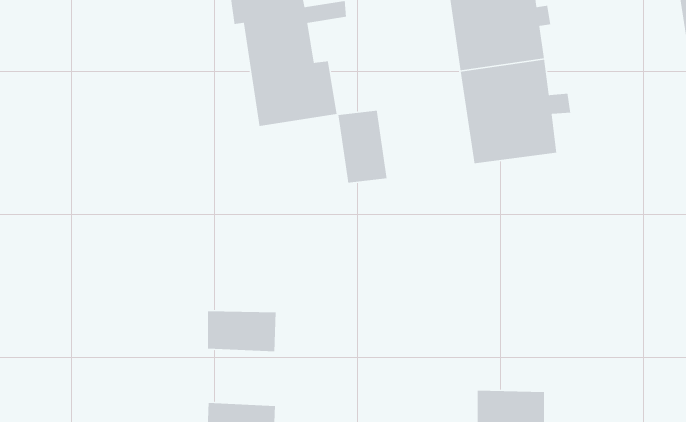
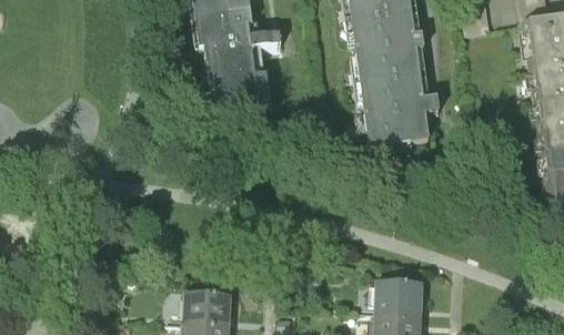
building: [338,110,388,184] -> none
building: [207,310,277,352] -> [181,292,231,322]
building: none -> [374,280,424,312]

